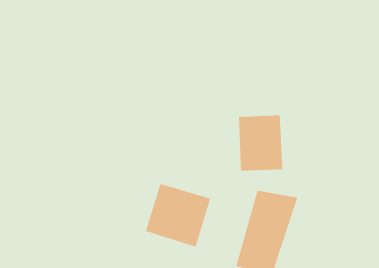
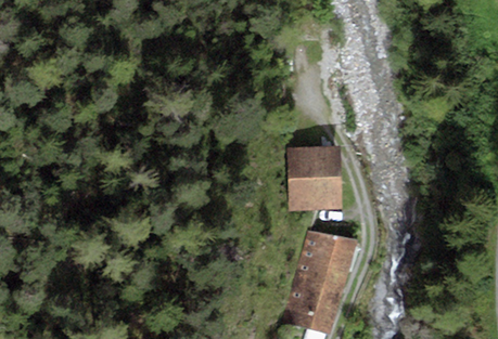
building: [145,183,211,247] -> none

